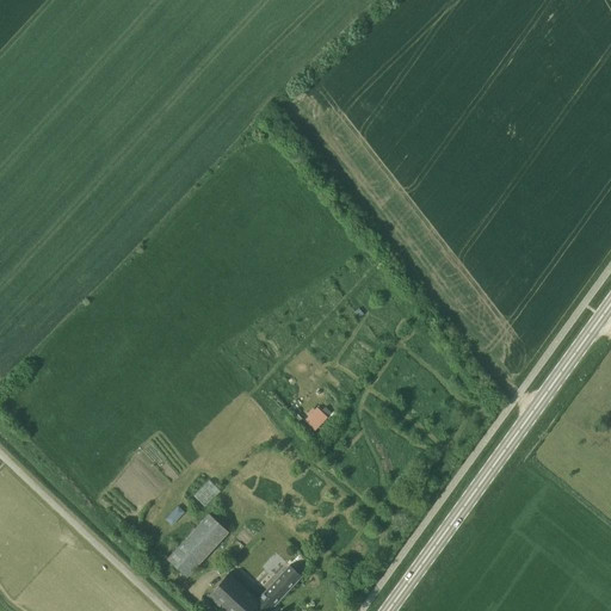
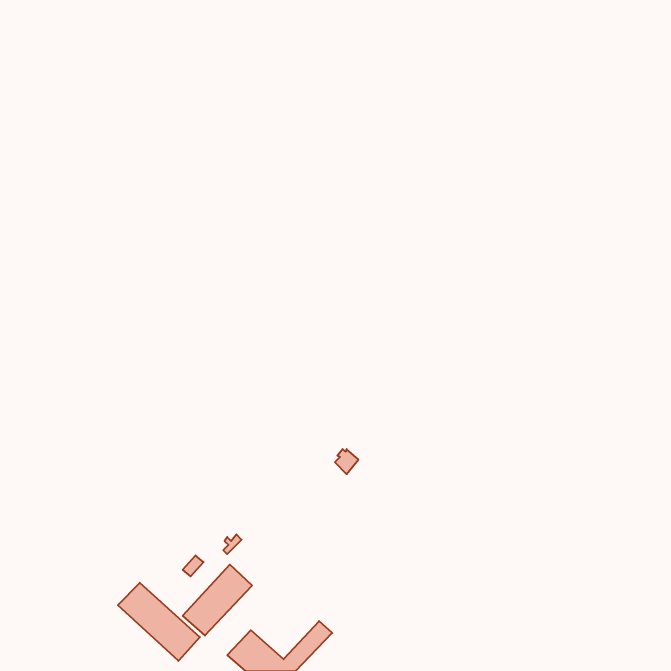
building: none -> [118,583,200,661]

